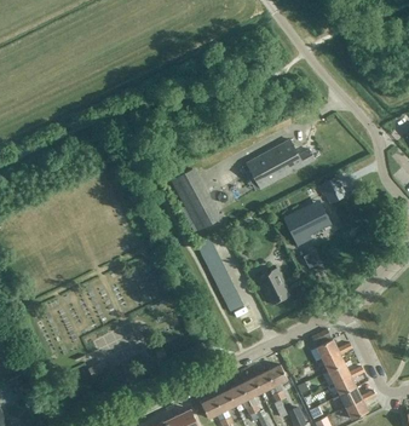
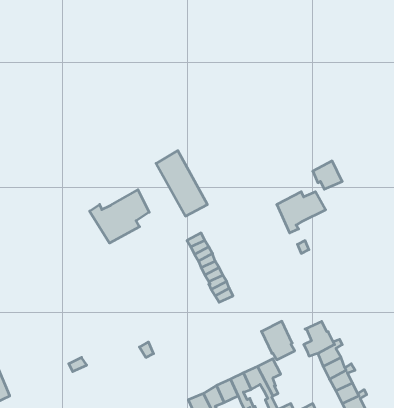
building: [247,139,315,189] -> none
building: none -> [90,190,149,243]
building: [258,267,289,304] -> [261,321,295,360]

